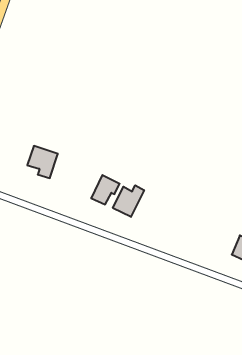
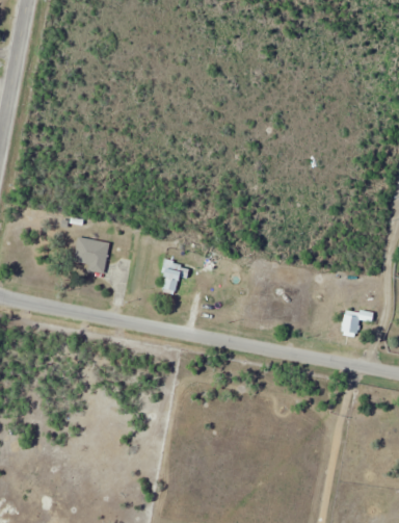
building: [113,185,144,217] -> none

